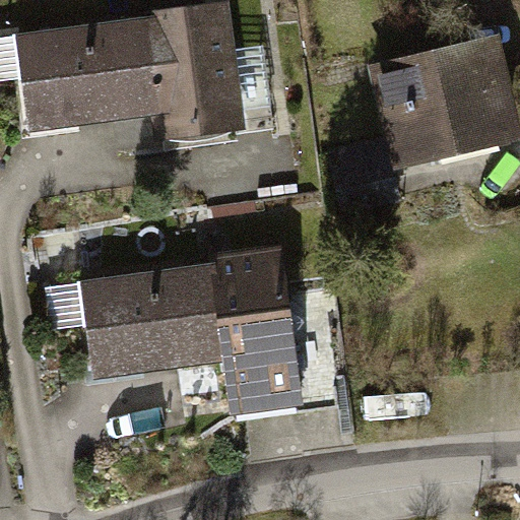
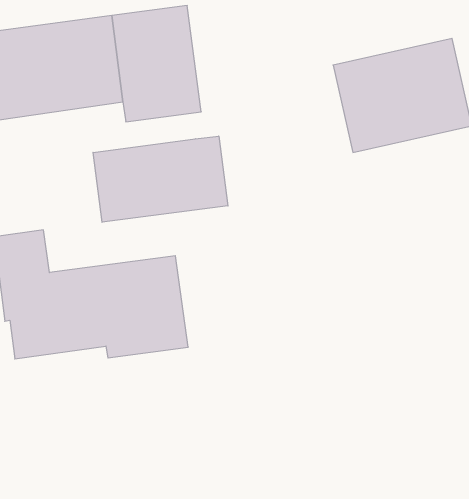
building: none -> [93,136,228,222]
building: [215,255,306,396] -> none

